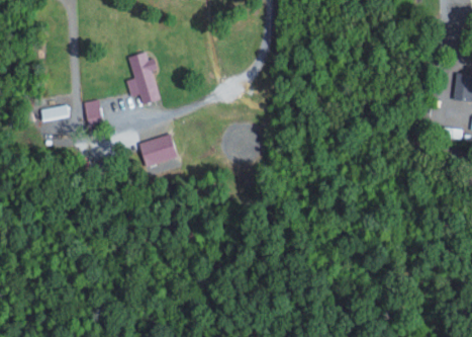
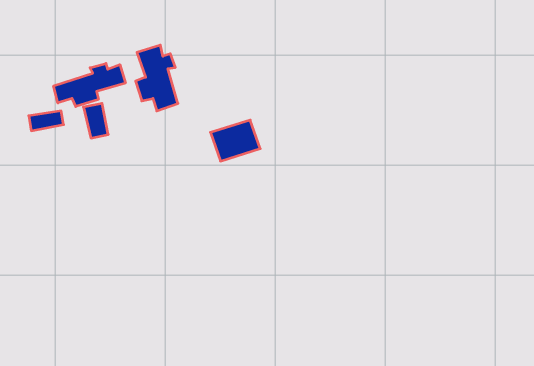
building: none -> [54,63,125,107]
building: [138,134,179,167] -> [210,120,260,161]

